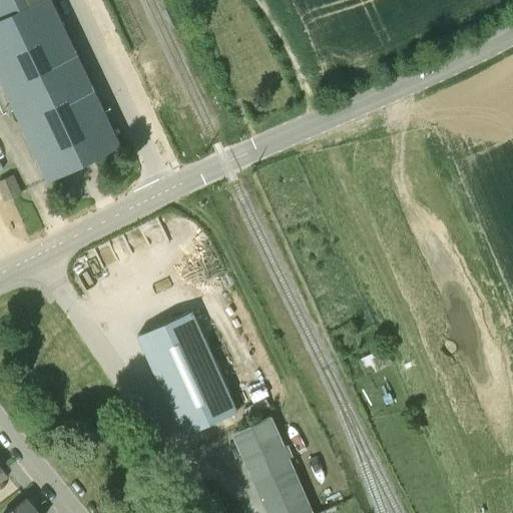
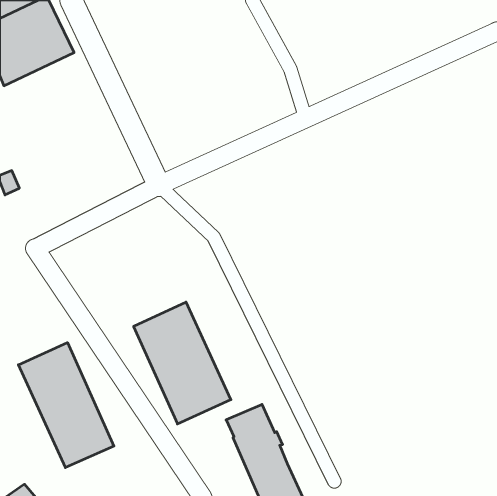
building: [4,56,120,182] -> none
building: none -> [18,343,114,468]

